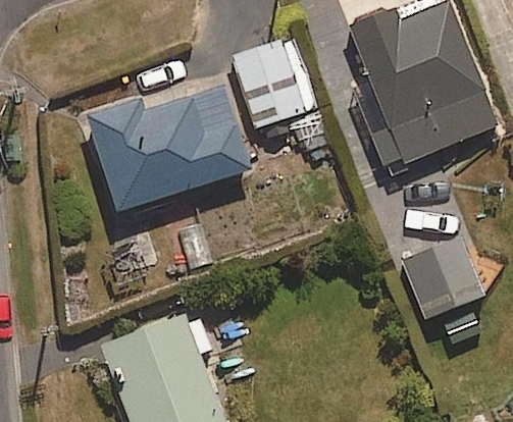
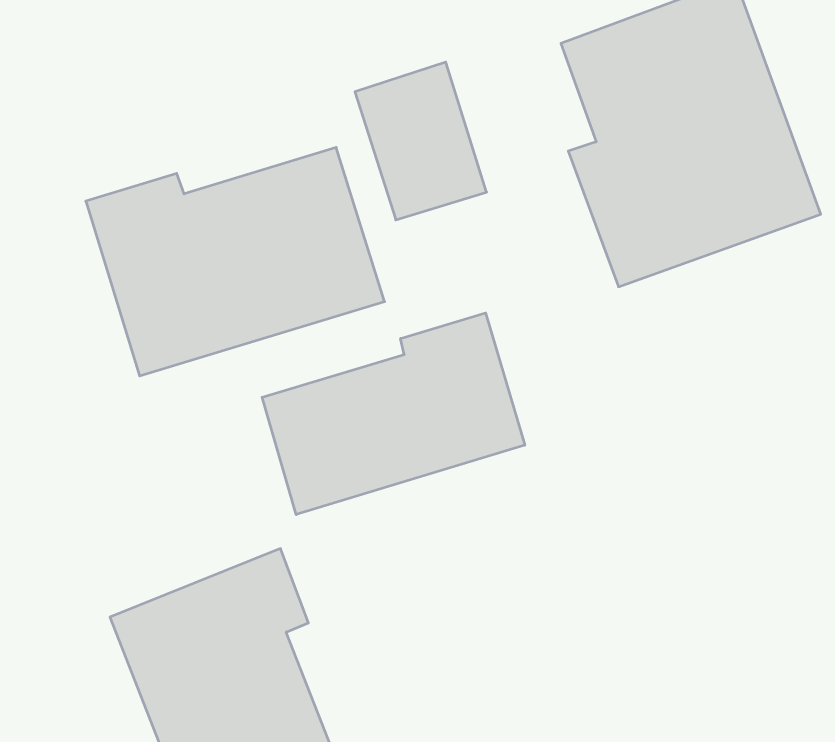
building: none -> [262,313,525,515]
building: [403,239,486,319] -> none

